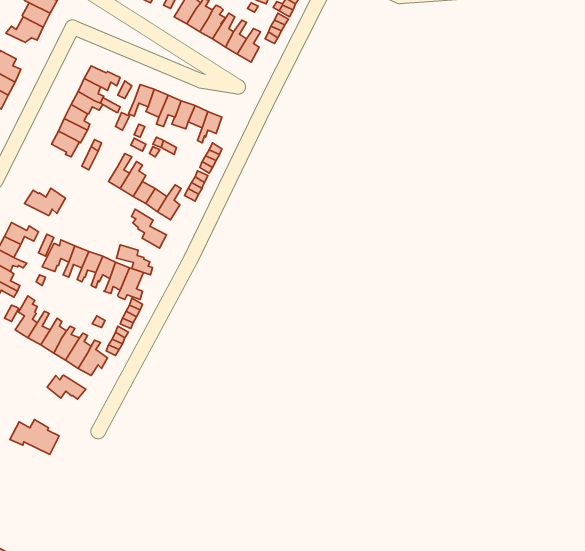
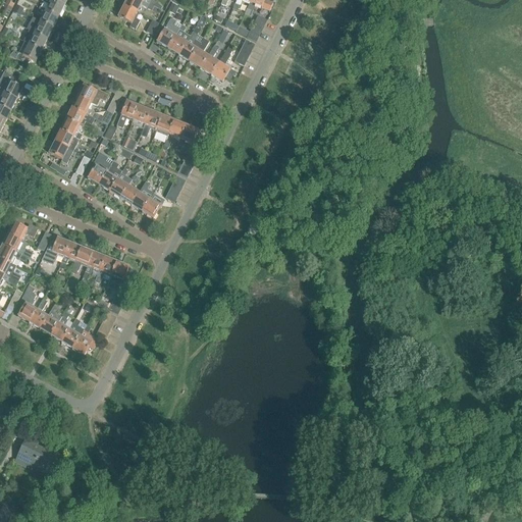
building: none -> [87,151,112,184]
building: [25,188,66,216] -> none
building: [132,209,167,248] -> none
building: [116,245,152,275] -> none
building: [47,375,86,399] -> none
building: [10,420,59,455] -> [14,443,57,474]

